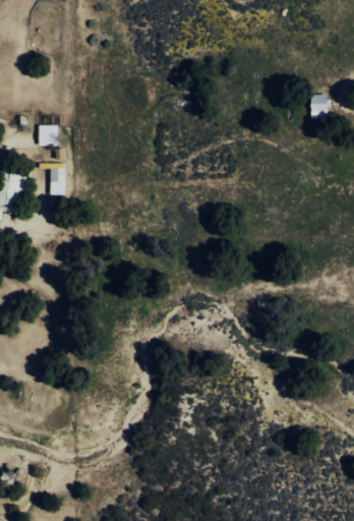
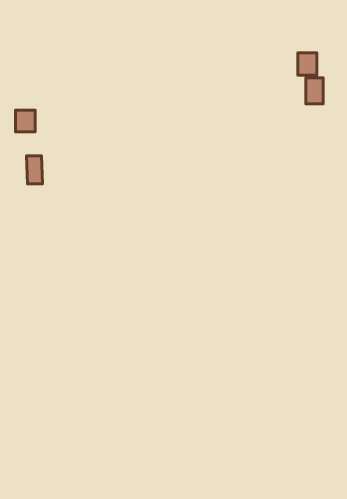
building: none -> [298,53,317,75]

